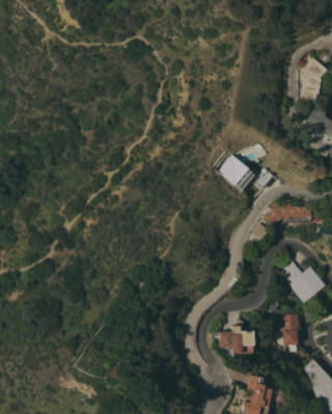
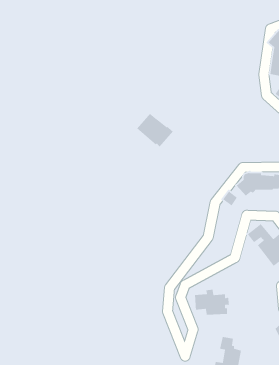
building: [214,155,253,191] -> [136,113,174,147]
building: [281,314,300,352] -> none

